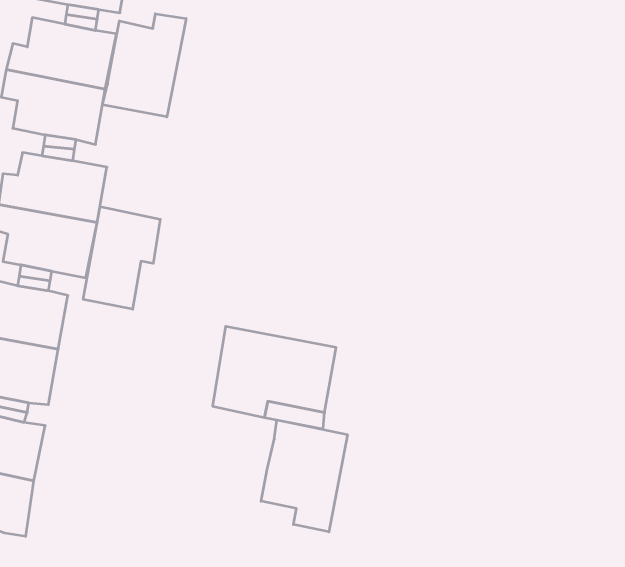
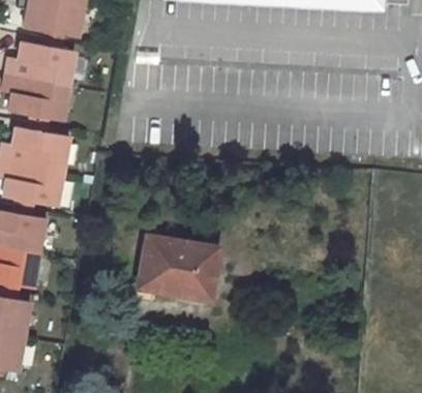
building: [103,14,186,117] -> none
building: [83,206,160,309] -> none
building: [261,420,347,532] -> none

